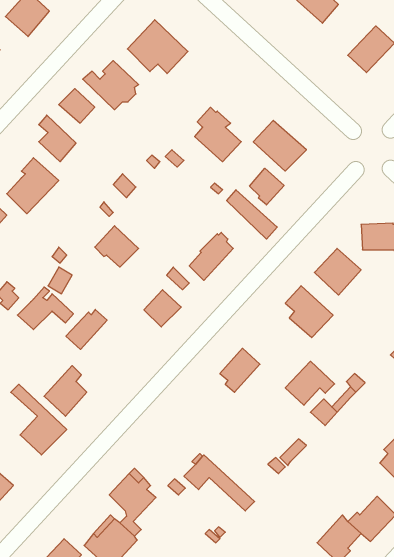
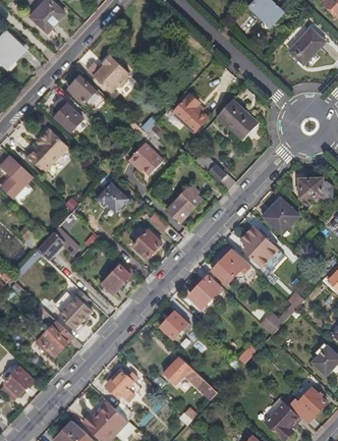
building: [127,20,188,74] -> none
building: [250,168,284,205] -> none
building: none -> [129,142,164,173]
building: [66,309,107,349] -> [103,263,134,293]
building: [285,361,335,405] -> [214,249,251,282]
building: none -> [160,311,190,338]

